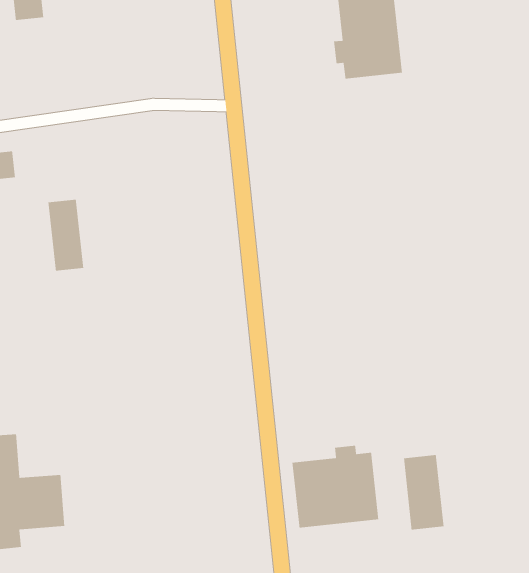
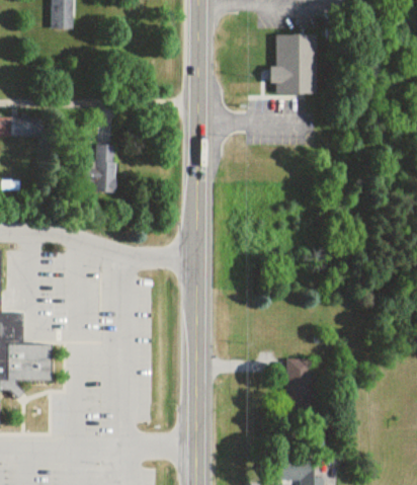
building: [47,199,84,272] -> [94,145,114,193]
building: [292,445,379,528] -> none

